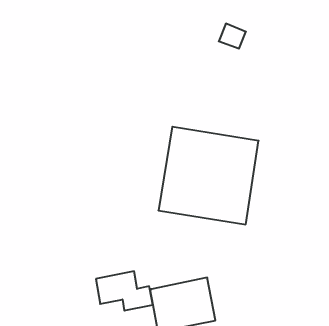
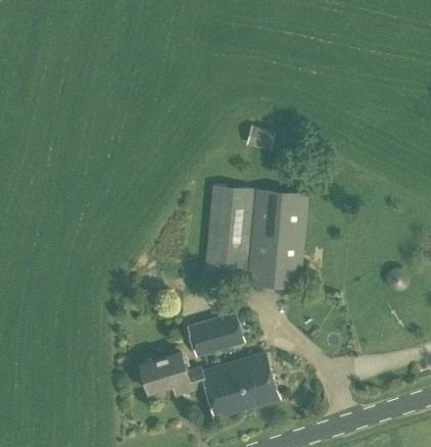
building: [219,24,246,49] -> [246,126,276,152]
building: none -> [187,312,246,357]

